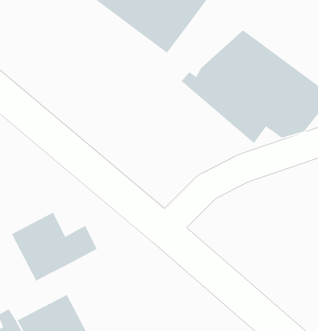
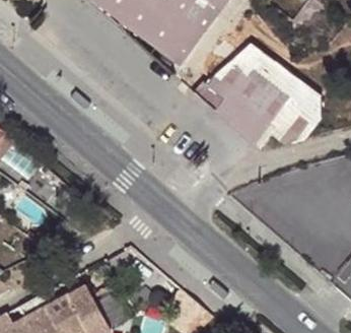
building: [11,212,98,282] -> none

